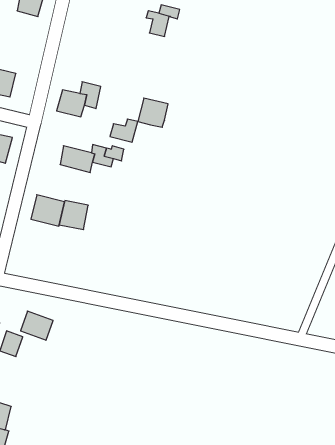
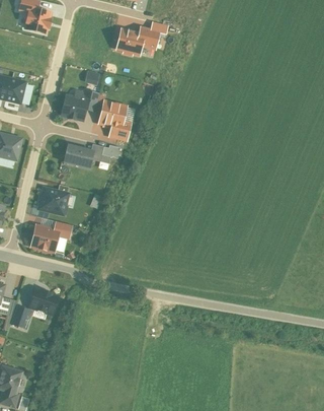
building: none -> [115,27,145,55]
building: [138,98,168,127] -> [99,101,126,127]
building: [59,201,88,230] -> [31,223,57,249]

